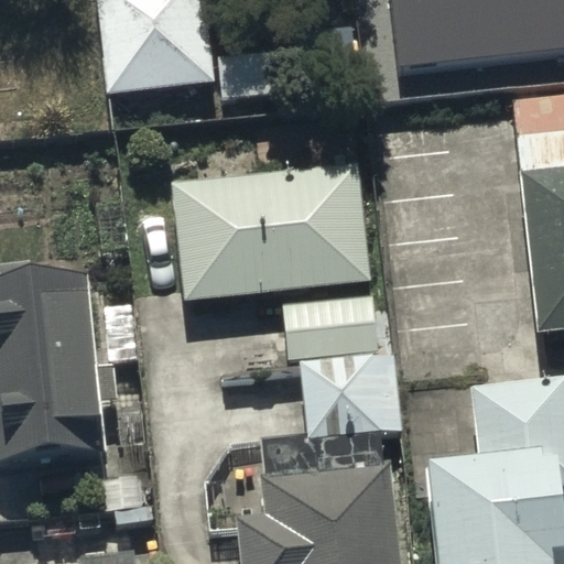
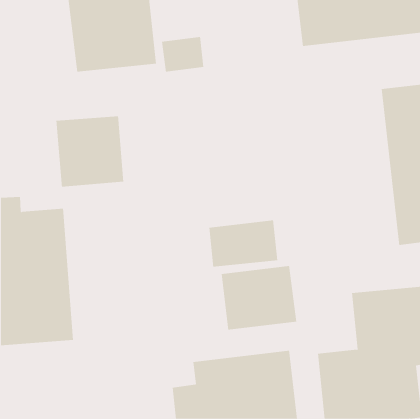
building: none -> [56,116,124,187]
building: [173,165,367,301] -> none

